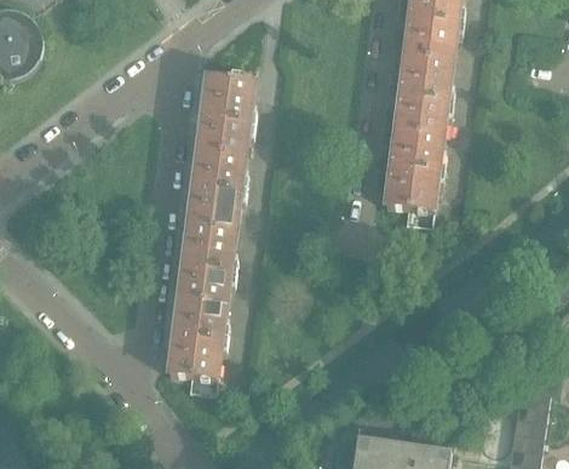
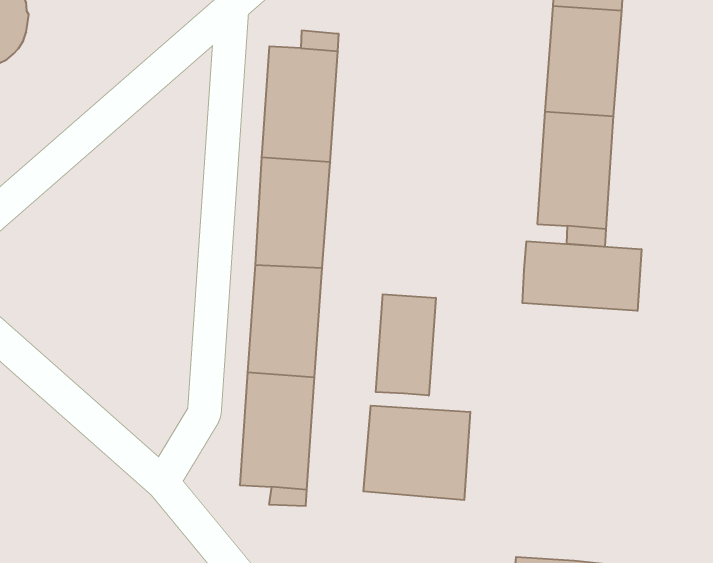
building: none -> [522,241,641,311]
building: none -> [376,294,436,396]
building: none -> [363,406,470,500]

